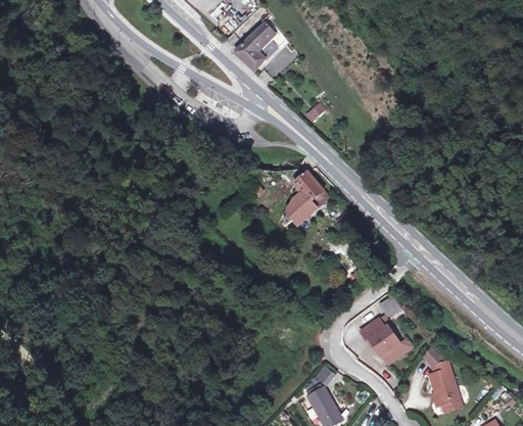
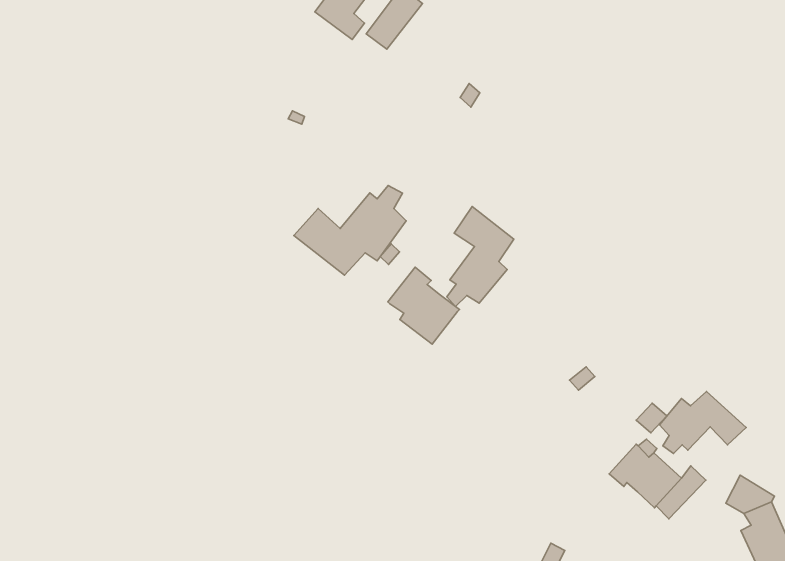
building: none -> [294,186,406,275]
building: none -> [388,267,459,344]
building: none -> [659,391,746,453]

